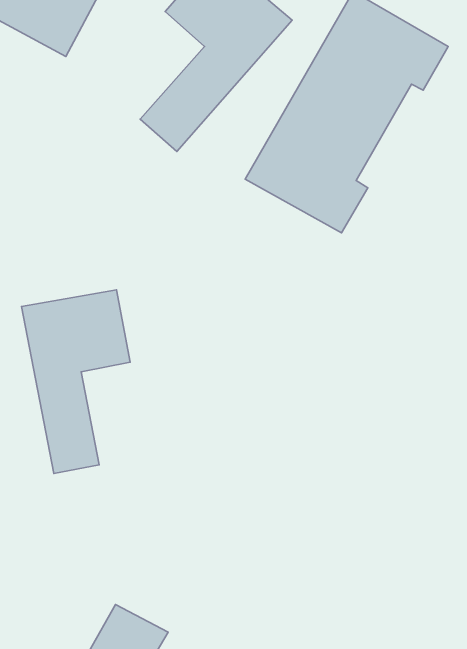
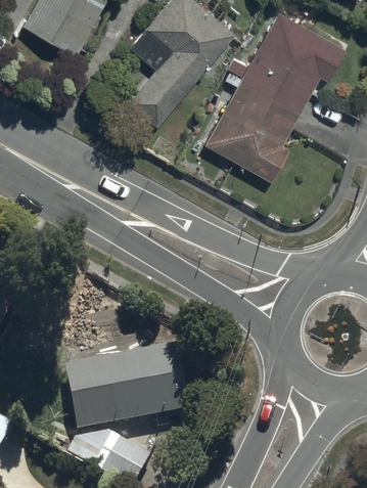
building: [21,290,130,474] -> none
building: none -> [66,354,193,439]

